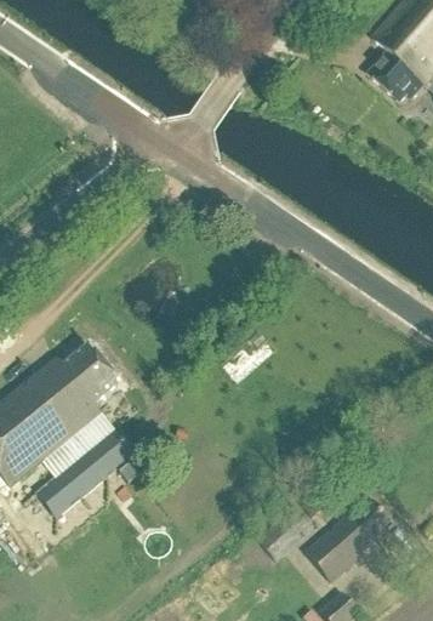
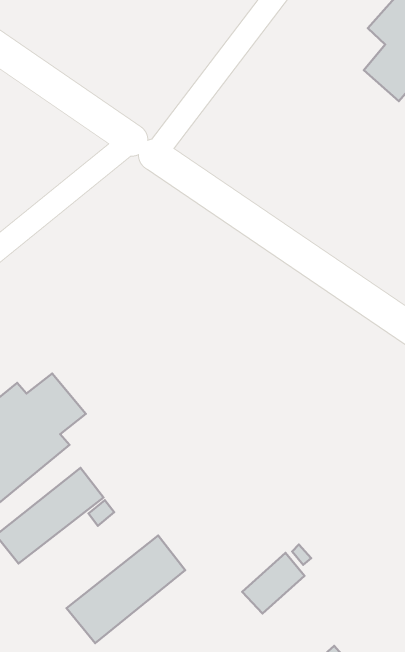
building: none -> [67,535,185,643]
building: [306,495,389,580] -> none

